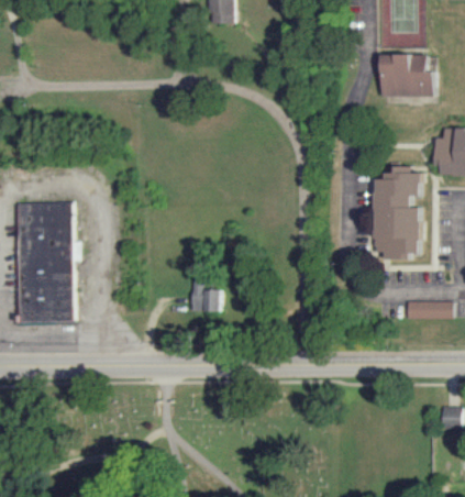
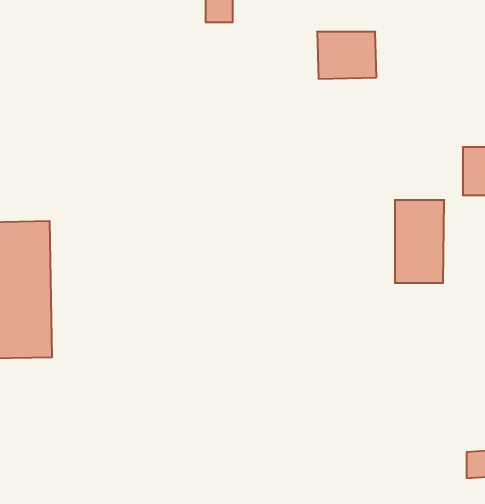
building: [384,58,436,100] -> [317,32,376,79]
building: [190,273,221,309] -> none
building: [402,299,450,317] -> none

